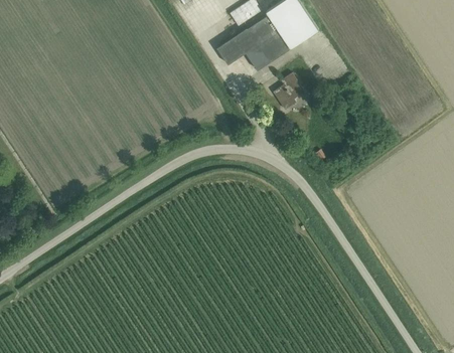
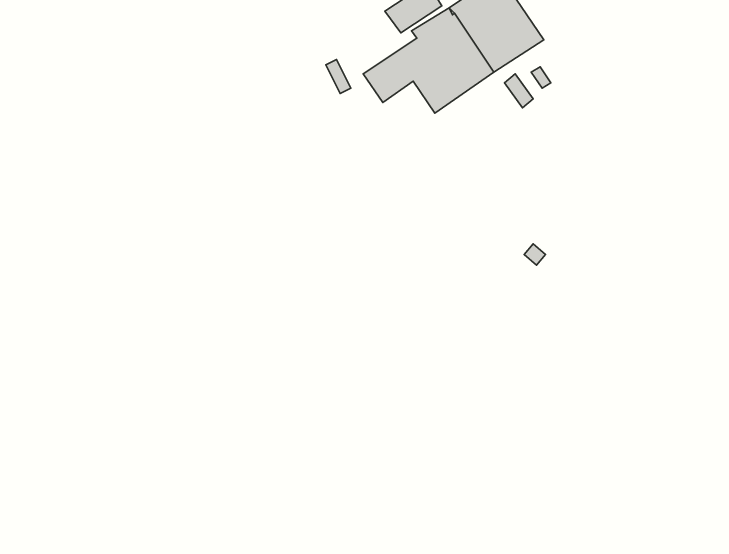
building: [273,73,305,110] -> none

